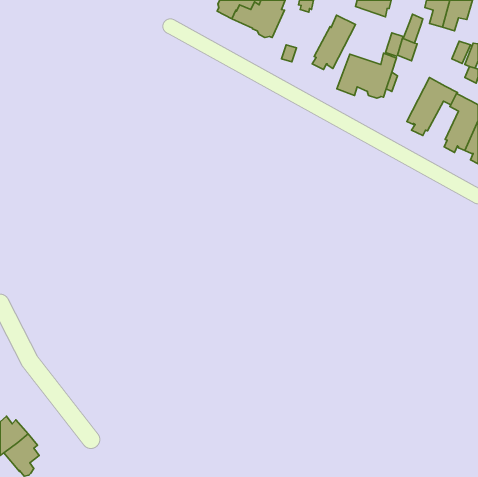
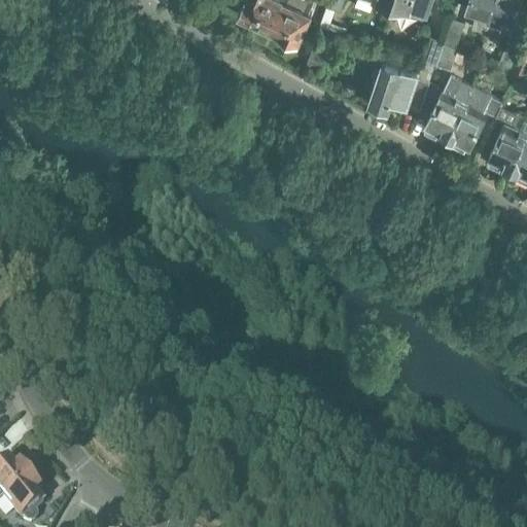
building: [312,15,355,70] -> [425,76,472,136]

